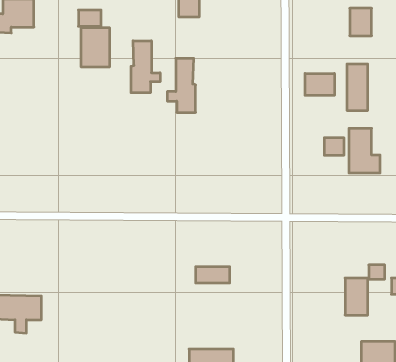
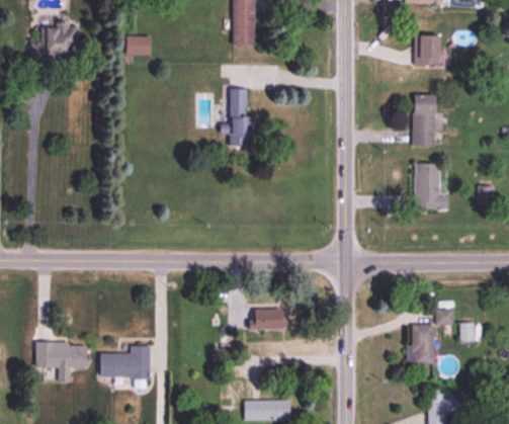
building: [81,28,109,67] -> none
building: [131,41,160,93] -> none
building: [305,73,334,95] -> none
building: [324,138,344,155] -> none
building: none -> [100,346,150,378]

